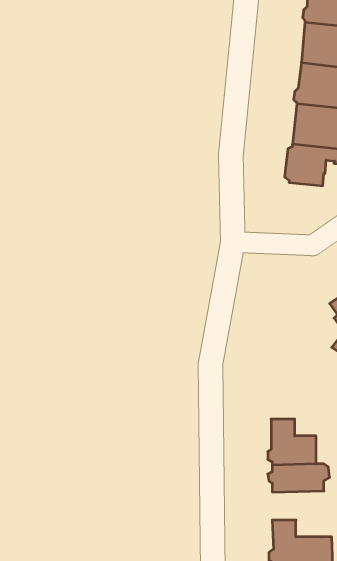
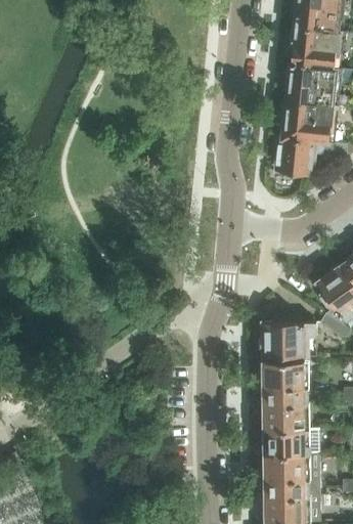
building: none -> [259,317,315,357]
building: none -> [259,361,308,404]
building: none -> [261,454,318,496]

